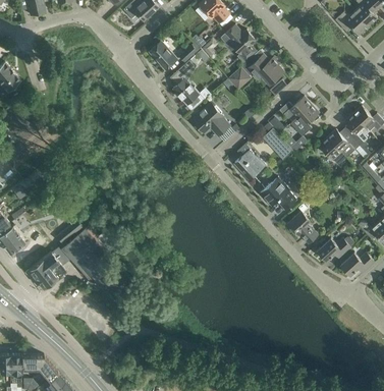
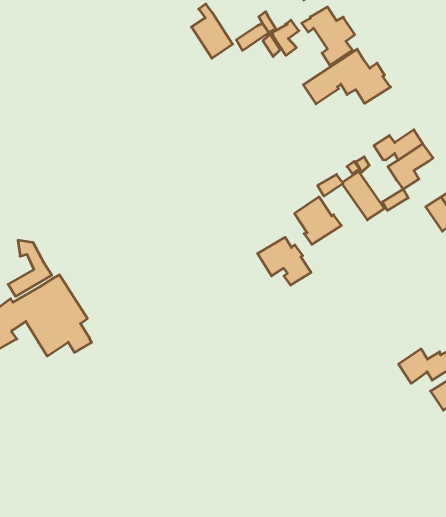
building: [169,60,208,110] -> none
building: [188,104,229,136] -> none
building: [260,180,296,211] -> [258,237,311,285]
building: [287,212,318,243] -> none

